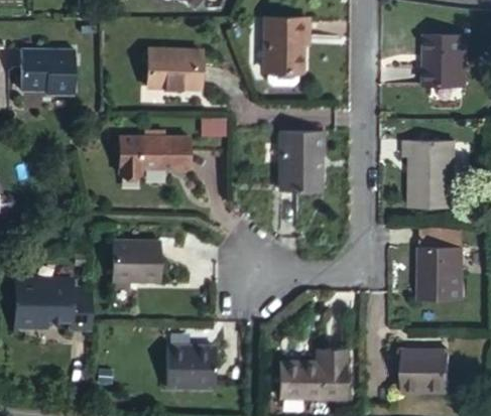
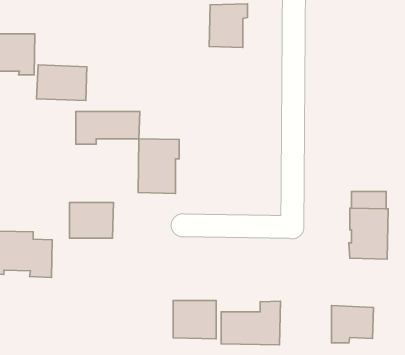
building: [424,30,466,81] -> none
building: [145,52,201,92] -> [36,65,87,101]
building: [277,130,323,190] -> [138,139,179,193]
building: [401,139,452,206] -> none
building: [166,345,214,388] -> [173,301,216,339]

